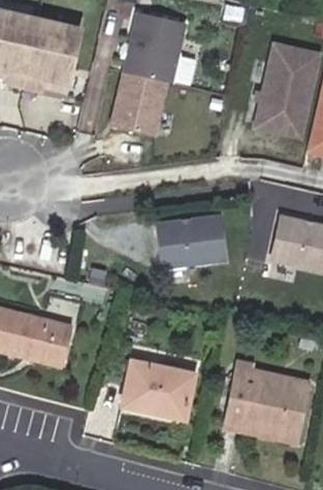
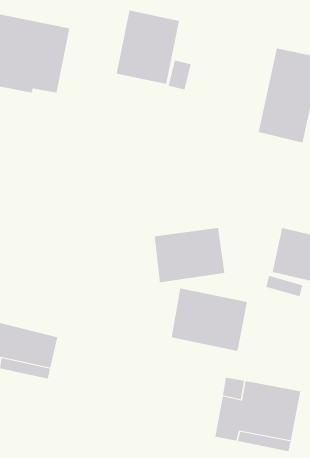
building: [112,73,168,136] -> none
building: [117,353,190,414] -> [171,288,248,352]

